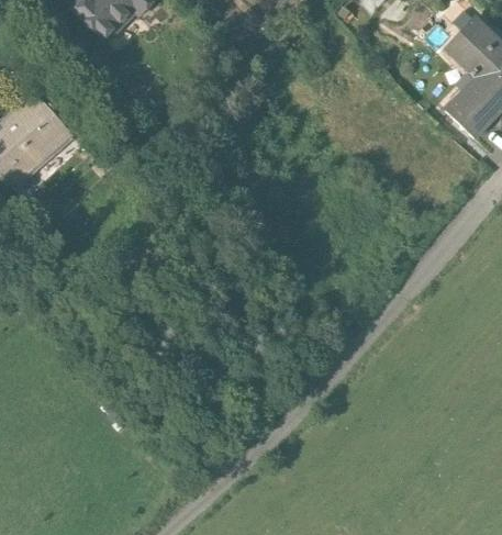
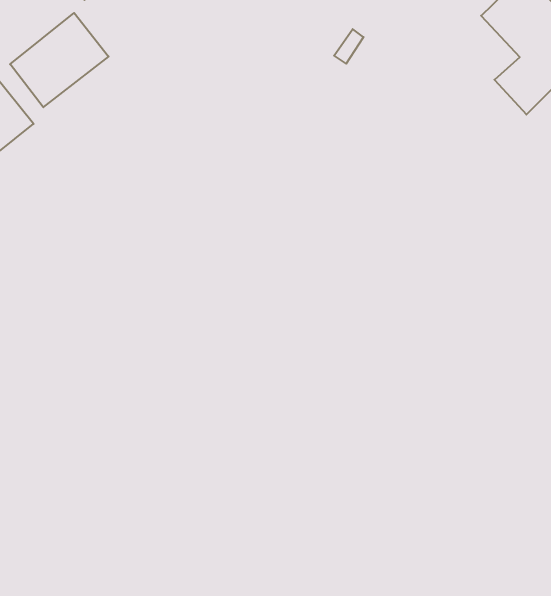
building: none -> [10,13,109,107]

